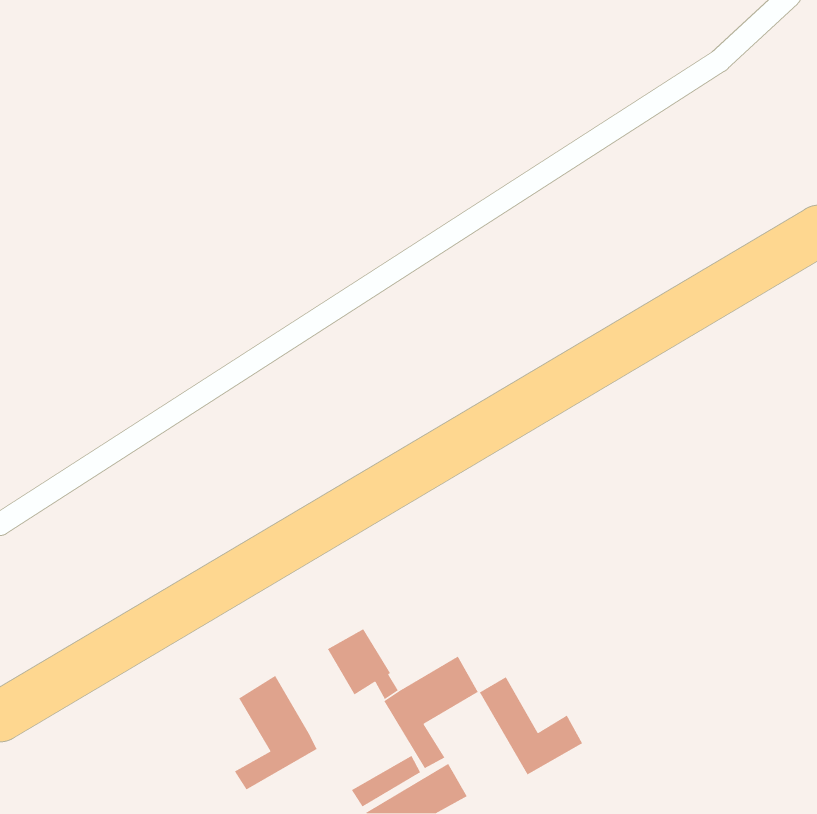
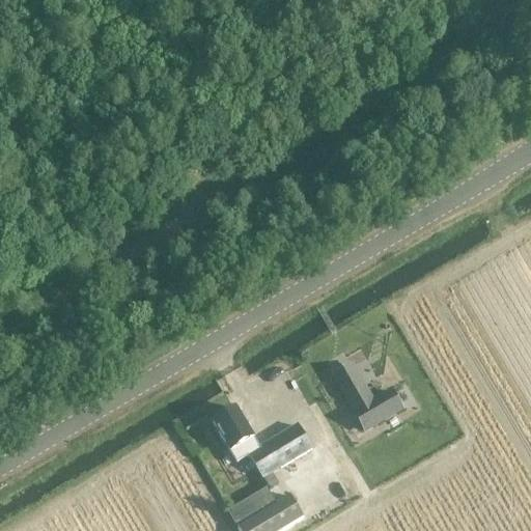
building: [234,675,319,791] -> none
building: [479,676,583,776] -> [334,364,401,428]

